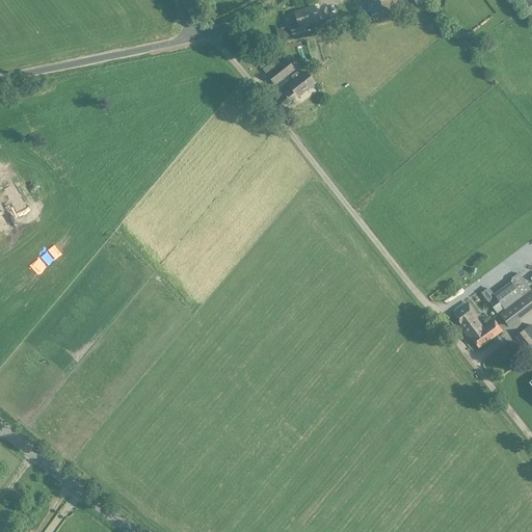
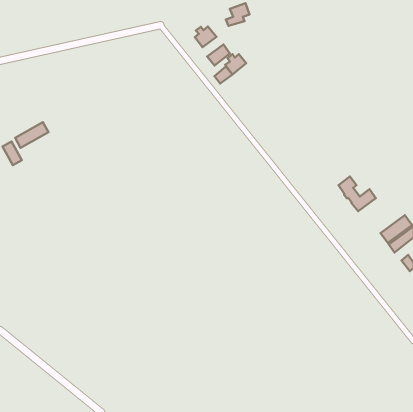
building: none -> [195,26,216,47]
building: none -> [15,122,48,148]
building: [455,301,503,346] -> [339,176,376,211]

